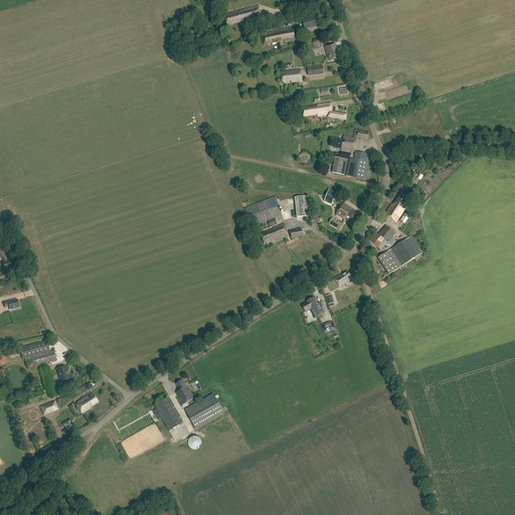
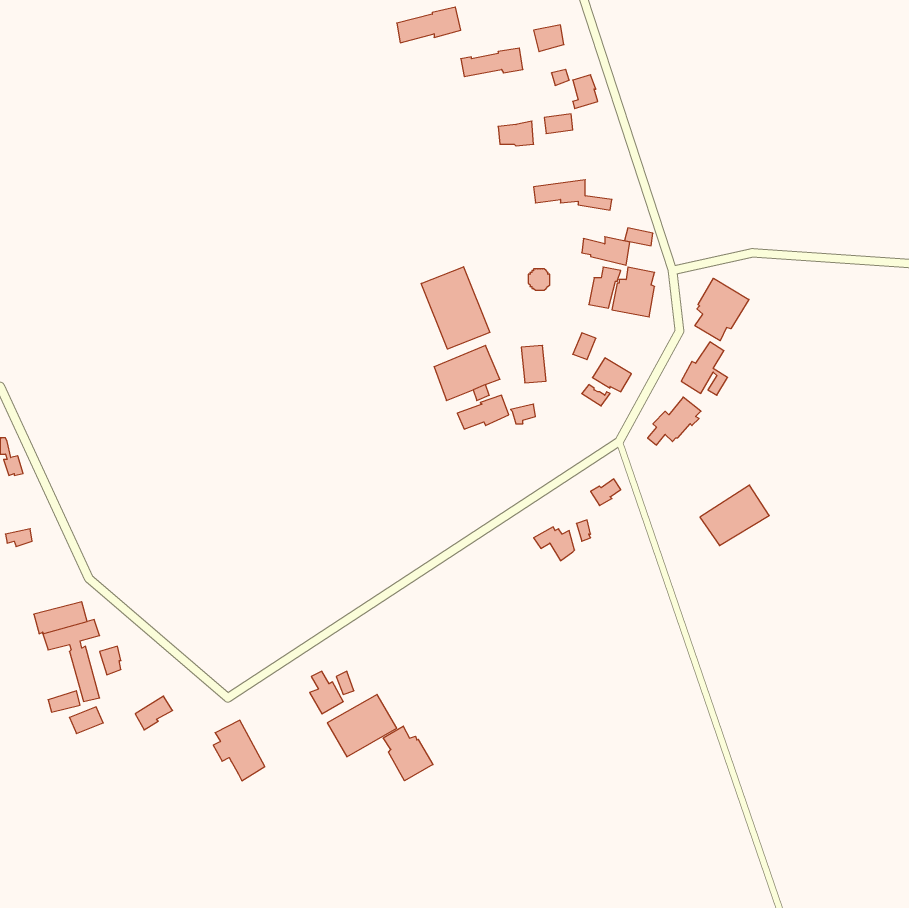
building: none -> [421,267,490,349]
building: none -> [695,278,749,341]
building: [378,239,417,274] -> [700,485,769,546]
building: [153,396,182,431] -> [213,720,265,781]
building: none -> [383,726,433,781]

